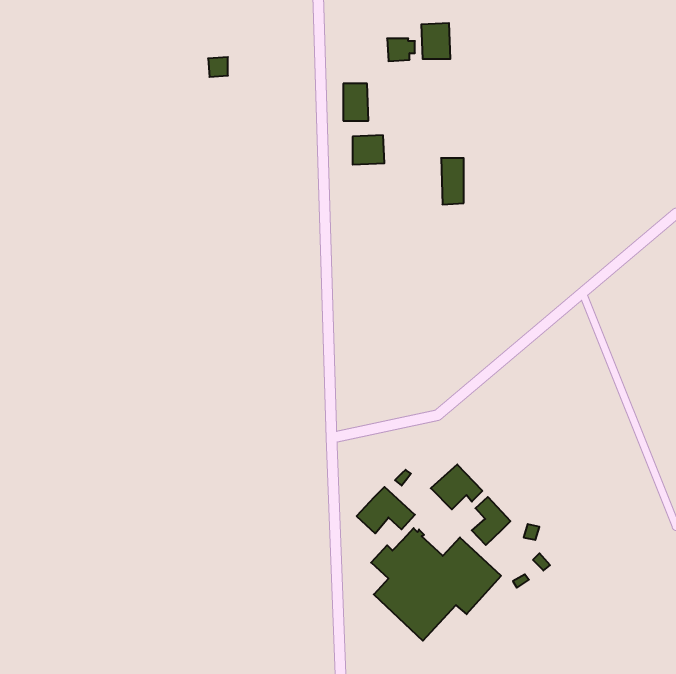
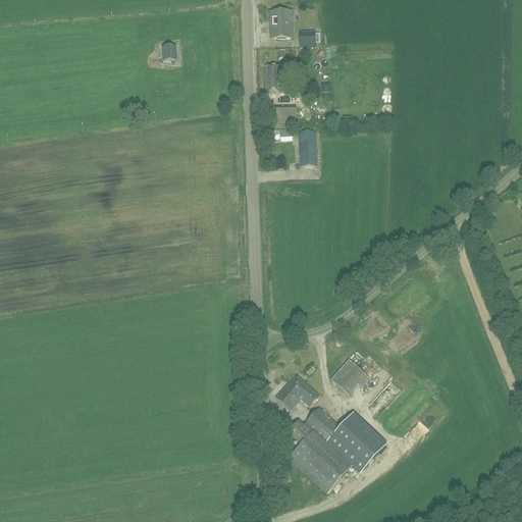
building: [421,23,450,59] -> [269,9,292,37]
building: [441,158,464,204] -> [298,130,315,166]
building: [472,497,510,545] -> none

